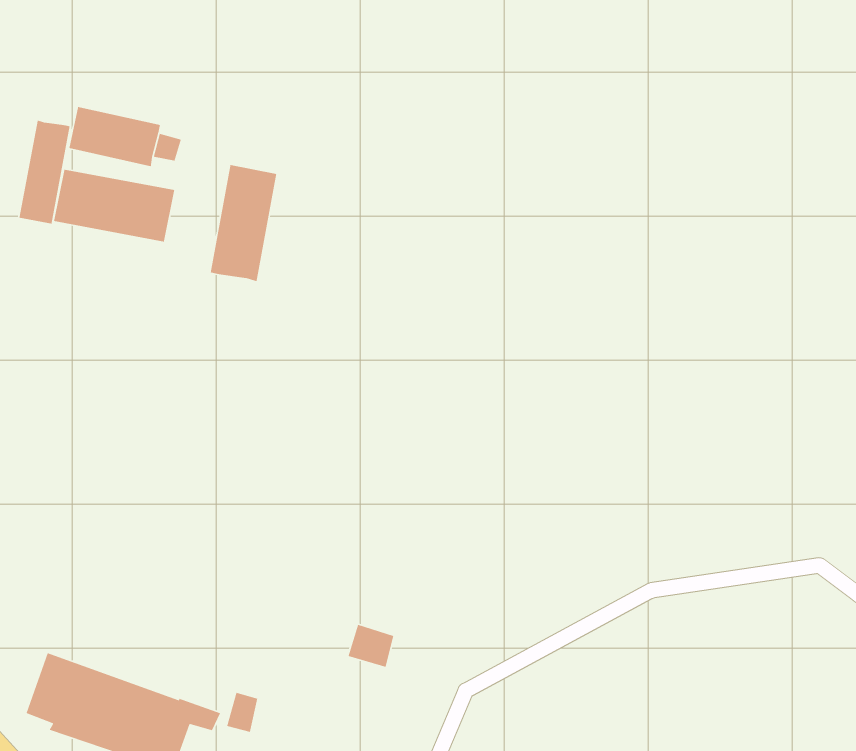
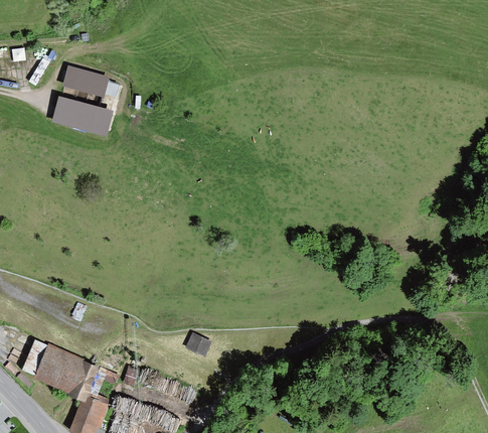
building: [19,119,70,225] -> none
building: [210,164,277,282] -> none

